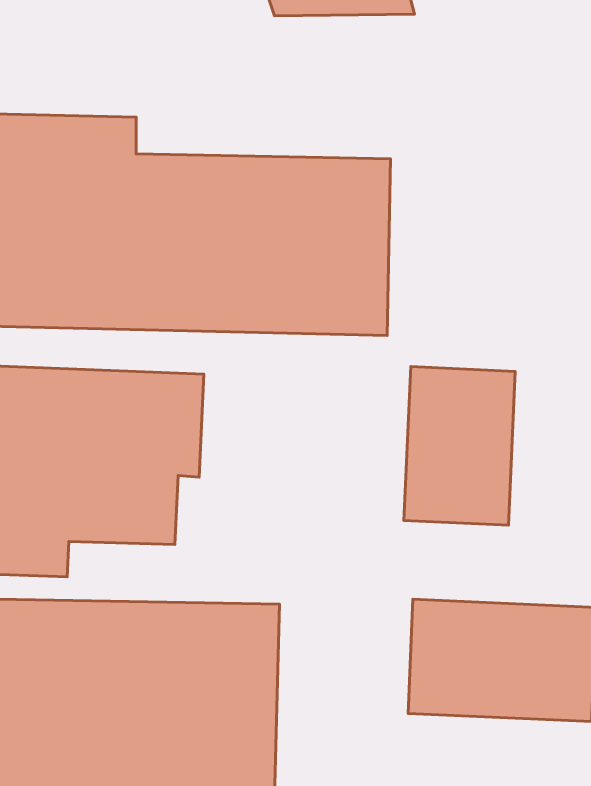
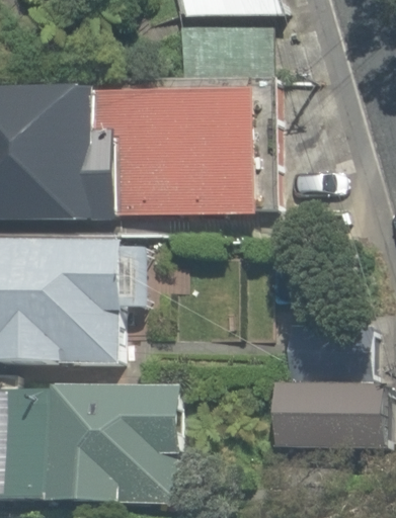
building: [404,367,515,525] -> none

